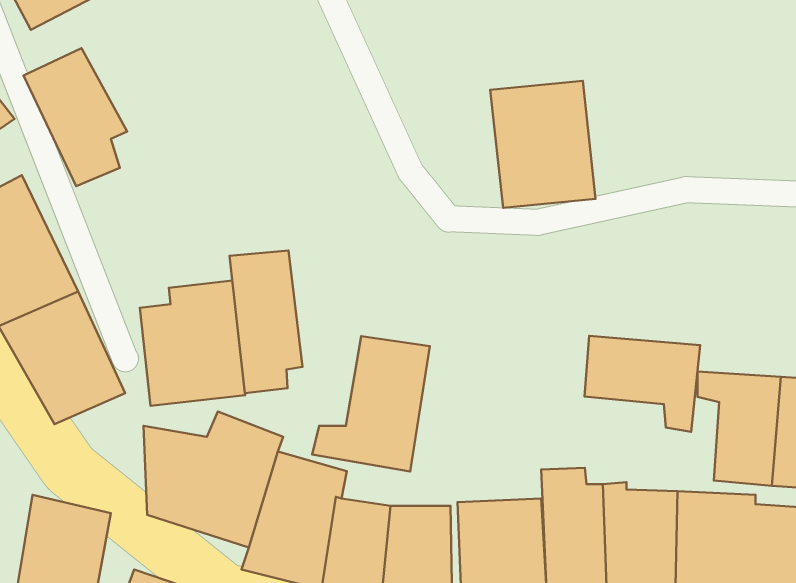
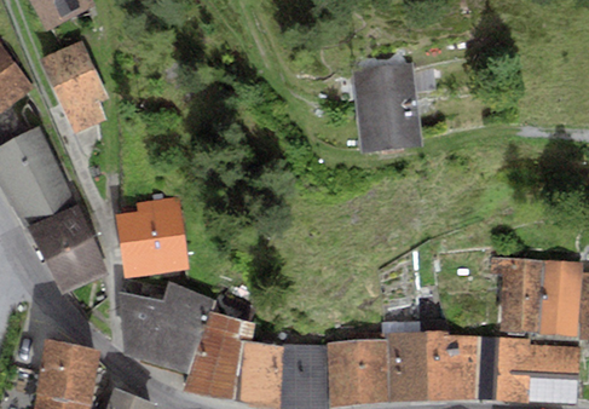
building: [230,250,302,393] -> none
building: [585,336,700,432] -> none
building: [312,336,430,472] -> none

